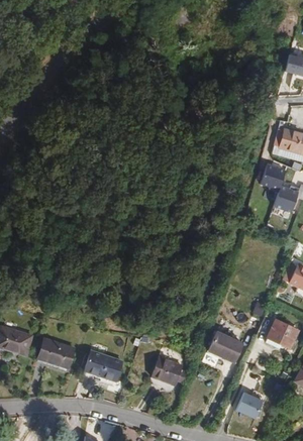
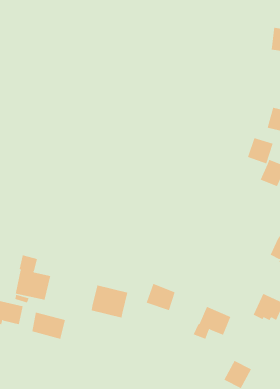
building: none -> [15,255,51,301]
building: [84,349,122,383] -> [91,285,128,318]
building: [150,359,181,388] -> [146,283,175,311]

